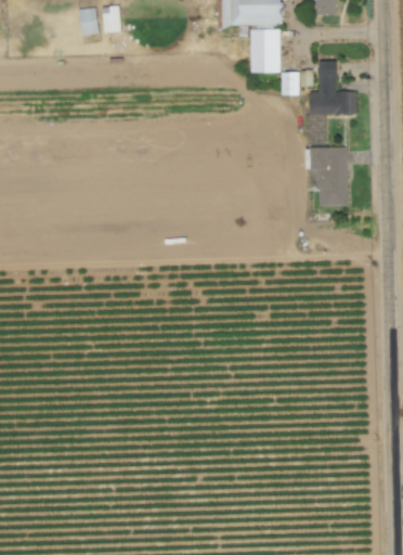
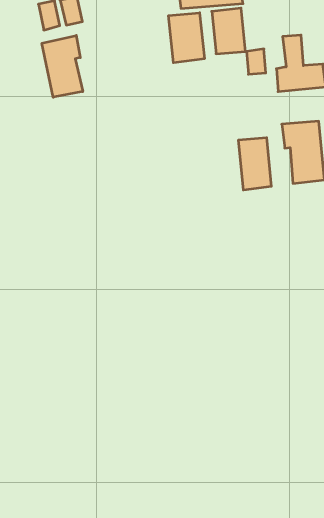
building: none -> [169,13,204,63]
building: none -> [42,35,83,97]
building: none -> [239,138,271,190]

